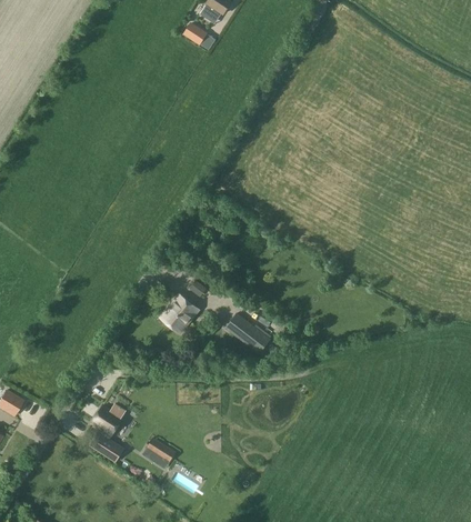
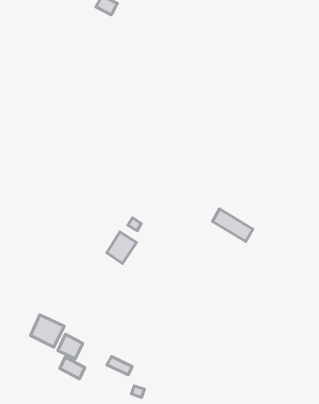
building: [228,314,273,355] -> [212,209,253,242]
building: none -> [31,315,64,347]

